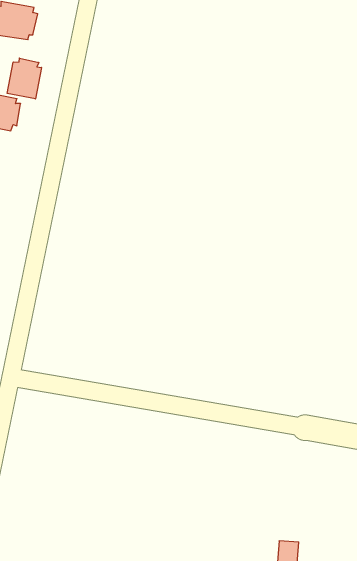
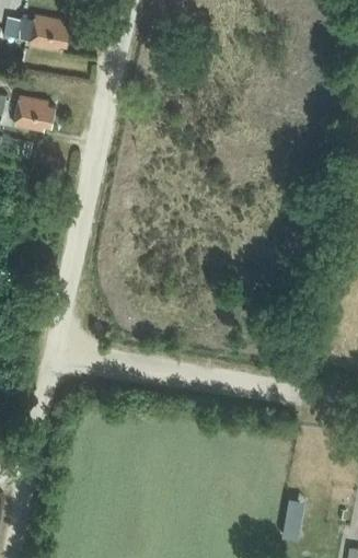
building: [7,58,41,99] -> none

